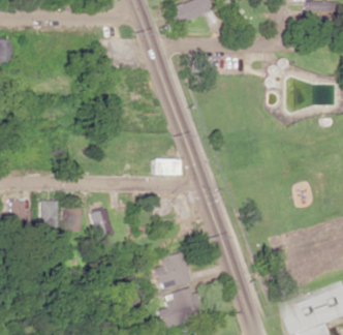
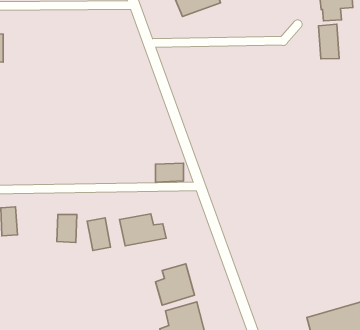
building: none -> [319,24,339,59]
building: [39,201,61,234] -> none
building: none -> [120,214,166,246]

